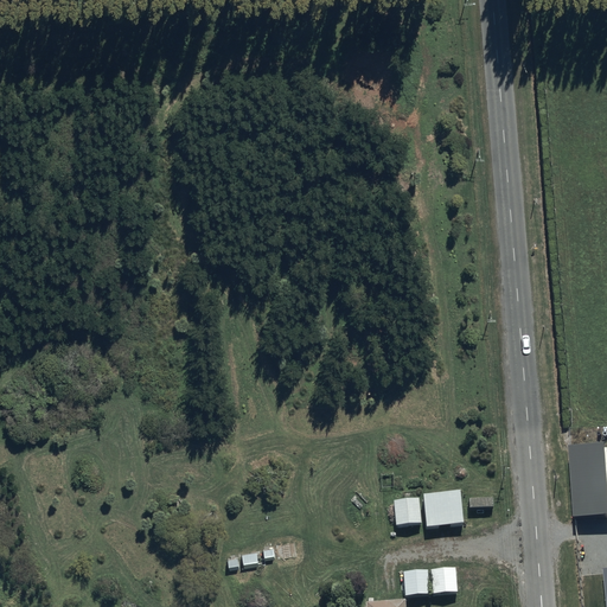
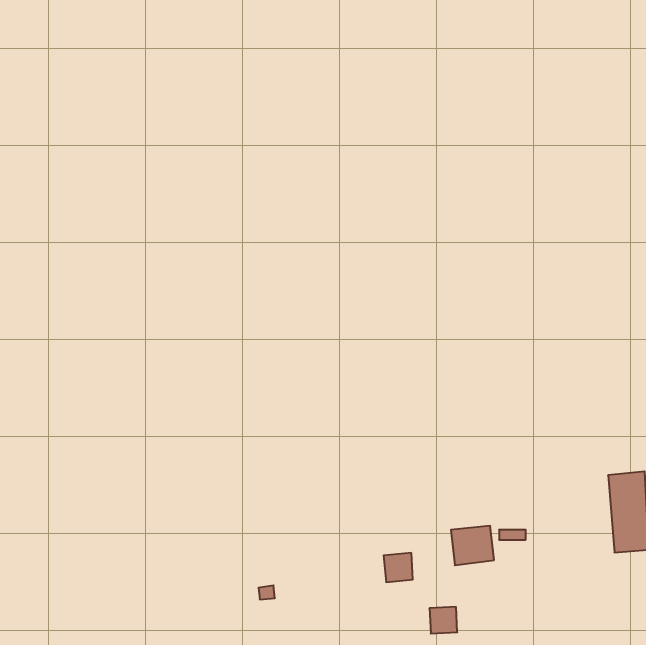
building: [394,498,421,525] -> [384,553,413,582]
building: [430,566,458,590] -> none

